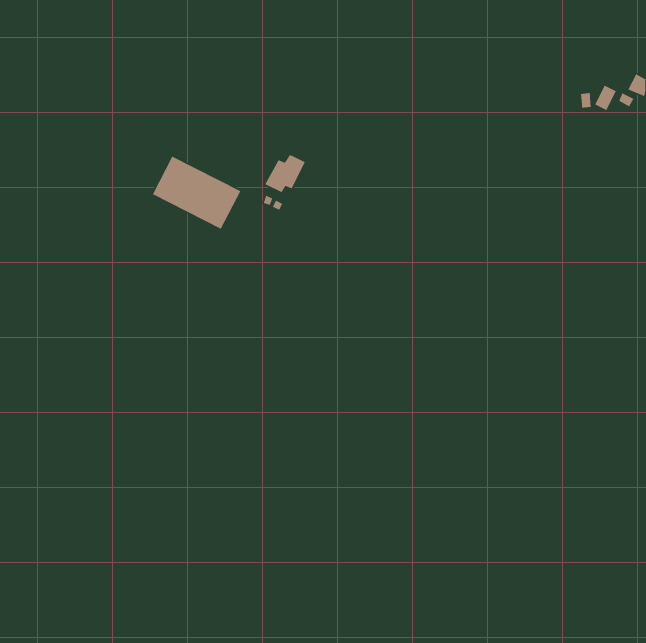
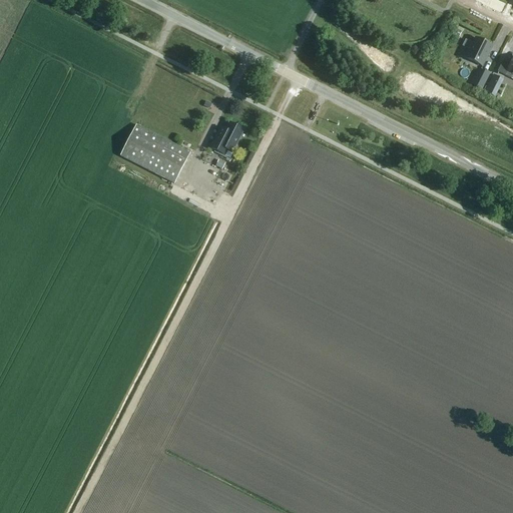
building: none -> [466,37,491,64]

